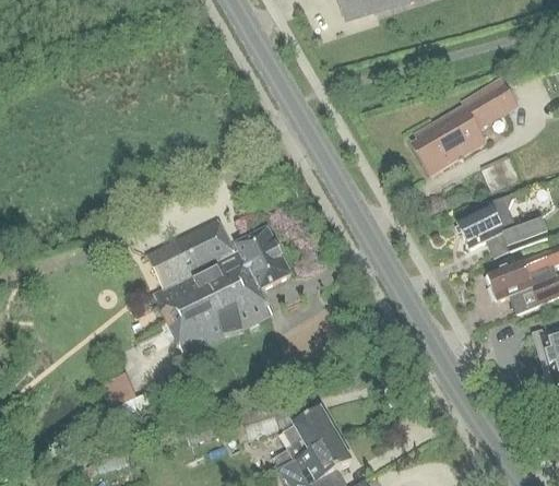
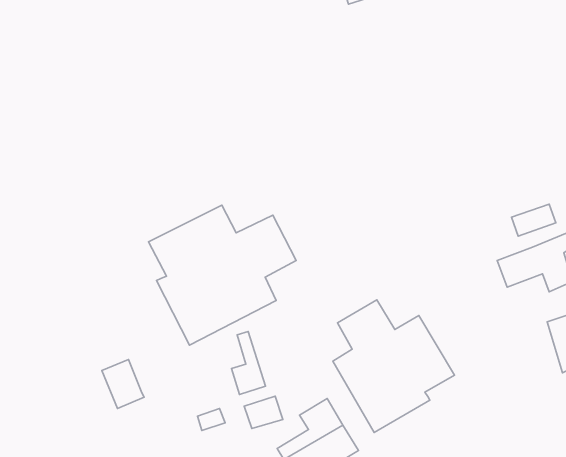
building: [414,76,519,171] -> none
building: [457,193,515,246] -> none
building: none -> [333,300,454,432]
building: none -> [232,331,266,395]

